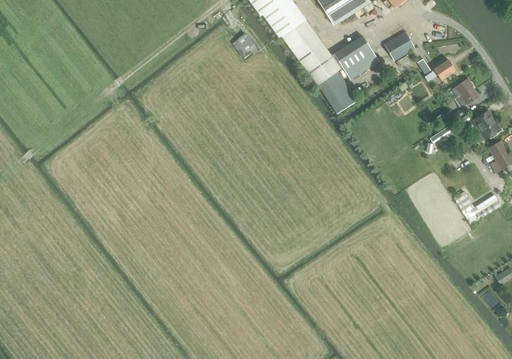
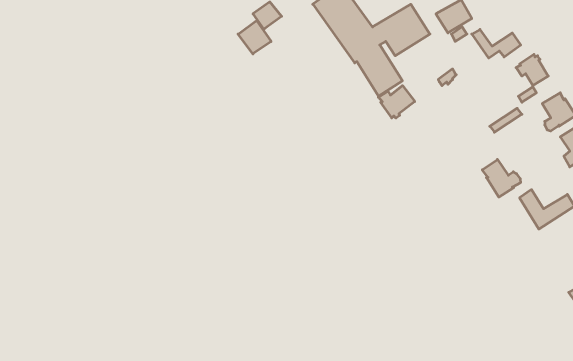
building: none -> [238,21,271,54]
building: none -> [378,86,415,118]
building: none -> [482,159,520,197]

